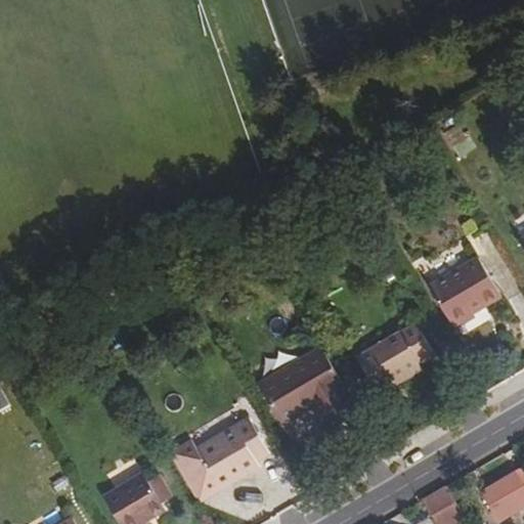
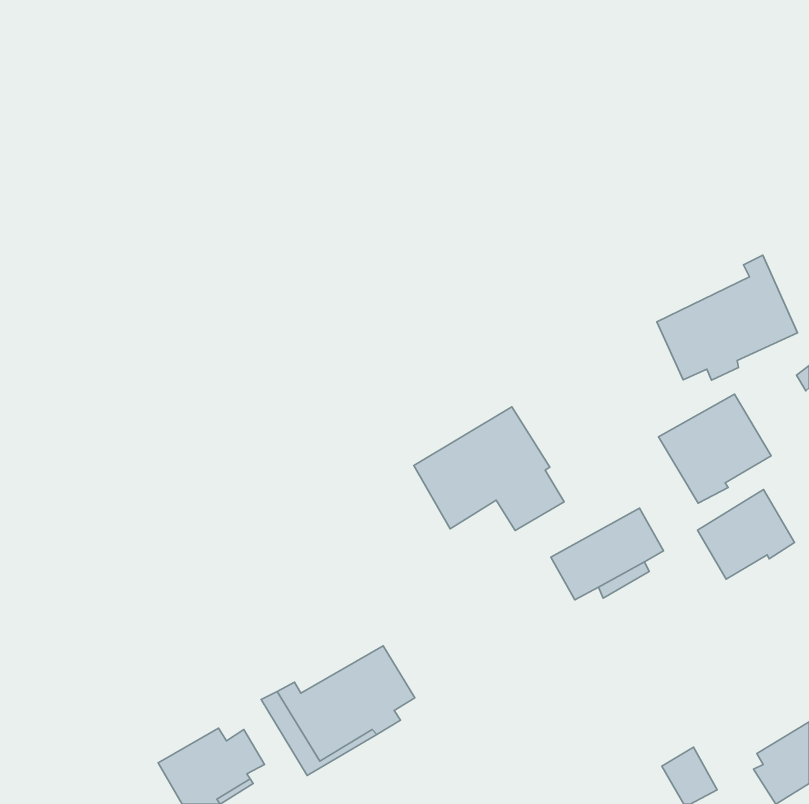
building: none -> [657,255,797,380]
building: none -> [697,490,795,579]
building: [255,345,352,425] -> [414,407,564,530]

